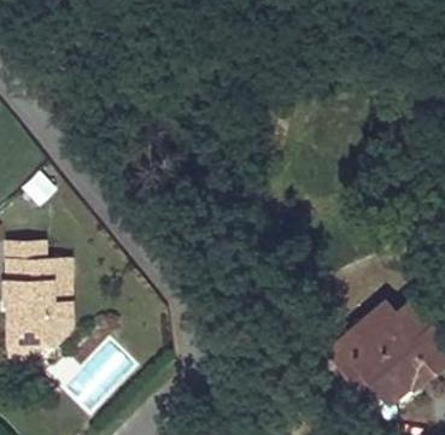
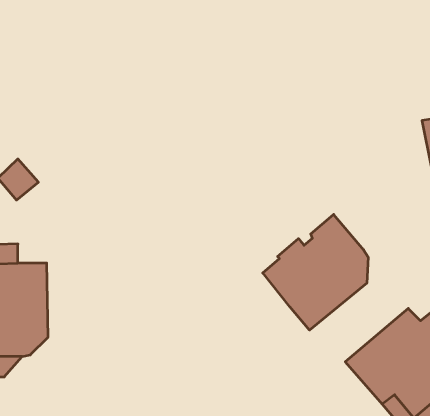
building: none -> [263,214,368,330]

